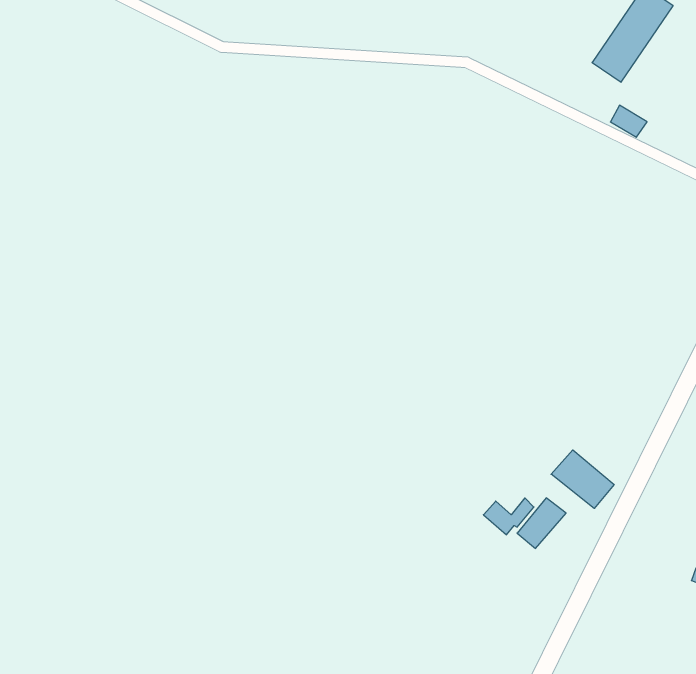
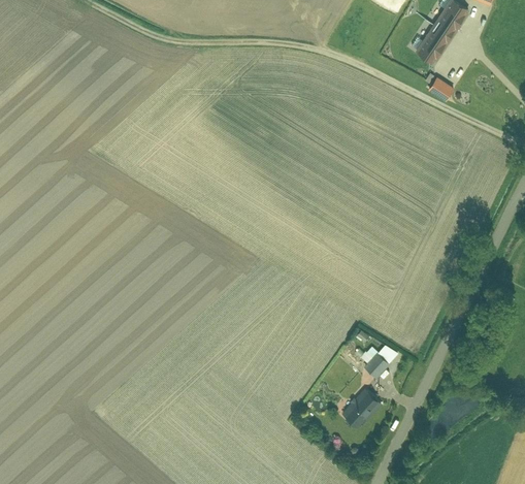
building: [551,450,614,508] -> none
building: none -> [341,388,383,430]

